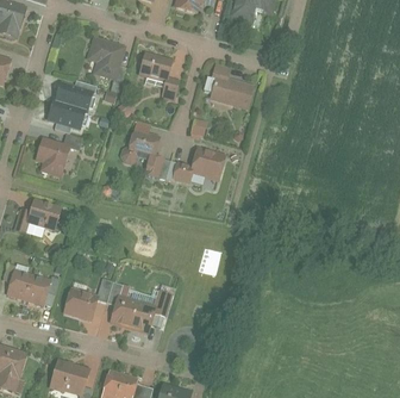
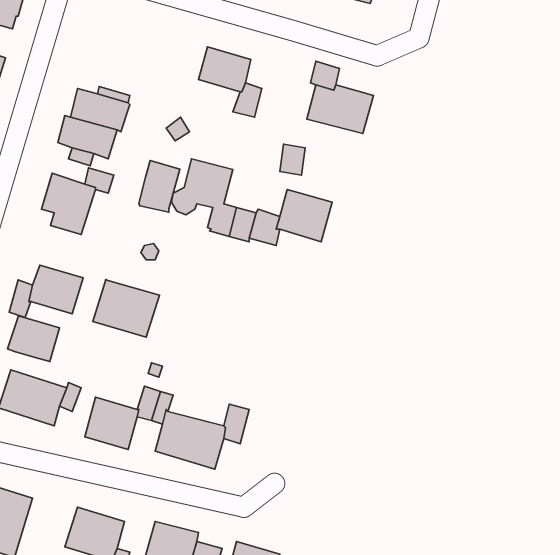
building: [87,37,126,81] -> none
building: none -> [139,161,180,212]
building: none -> [93,280,159,337]
building: none -> [8,316,60,362]

